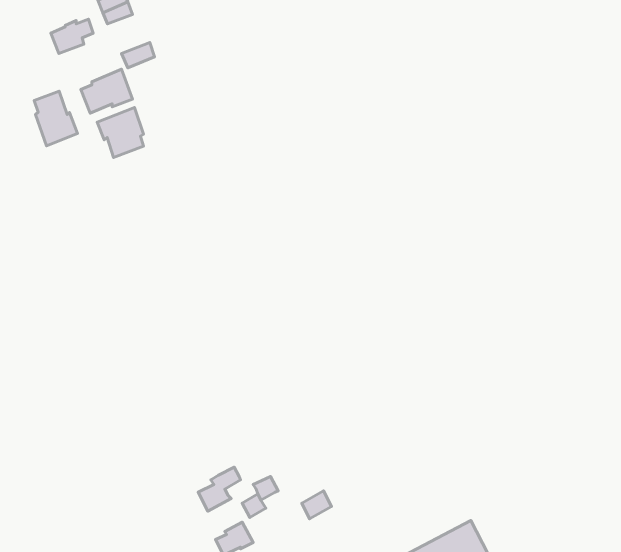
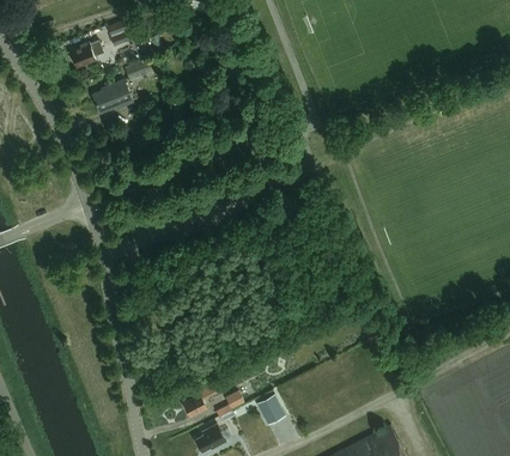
building: [34,91,78,146] -> none
building: [97,107,144,157] -> none

